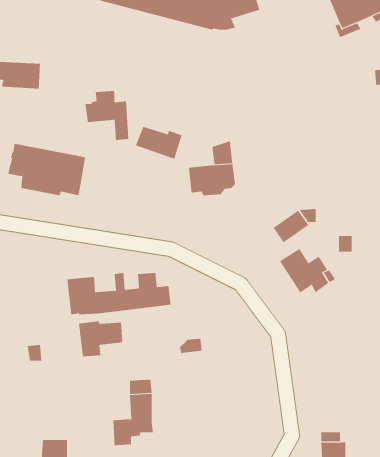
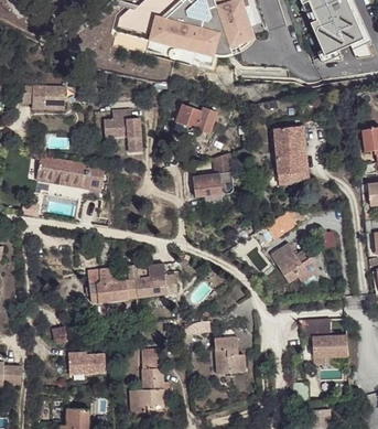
building: none -> [273,127,307,184]
building: [135,126,182,160] -> [176,104,217,132]
building: [78,321,123,357] -> [68,351,107,382]
building: none -> [296,319,347,357]
building: none -> [215,339,246,375]

